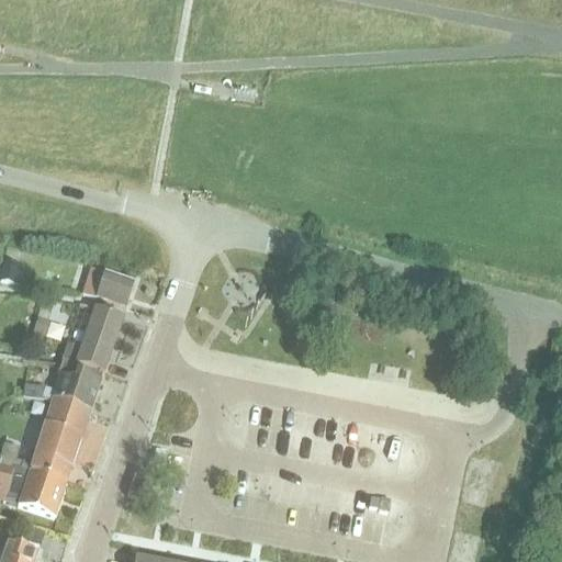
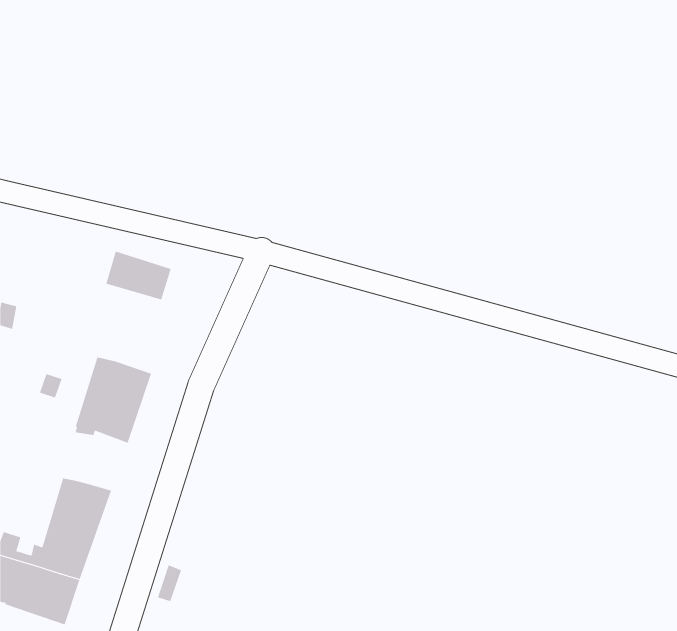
building: [81,266,134,305] -> [106,251,171,300]
building: [24,361,104,408] -> none

